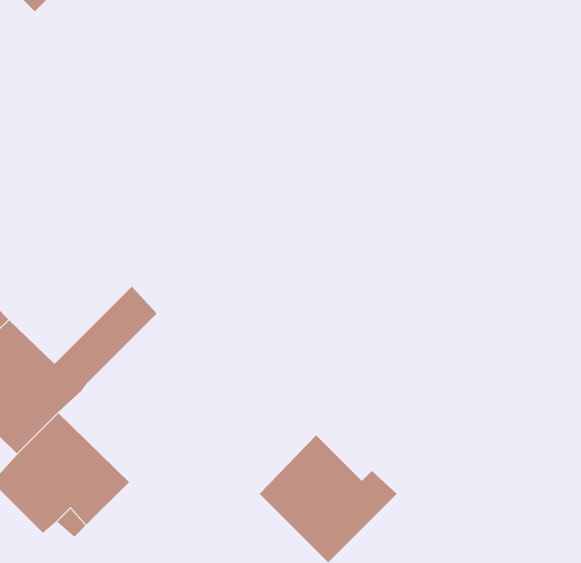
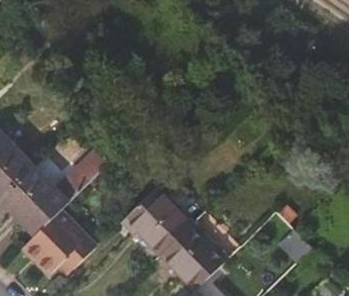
building: none -> [122,190,191,255]

